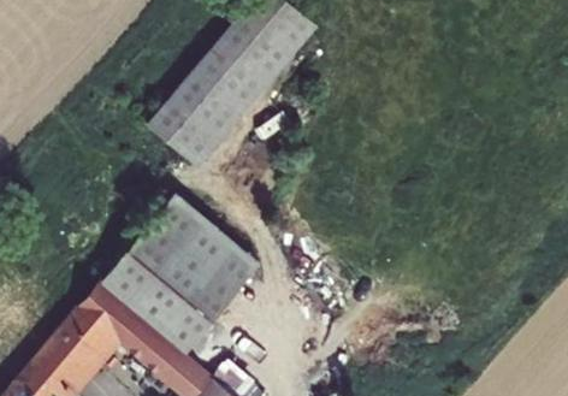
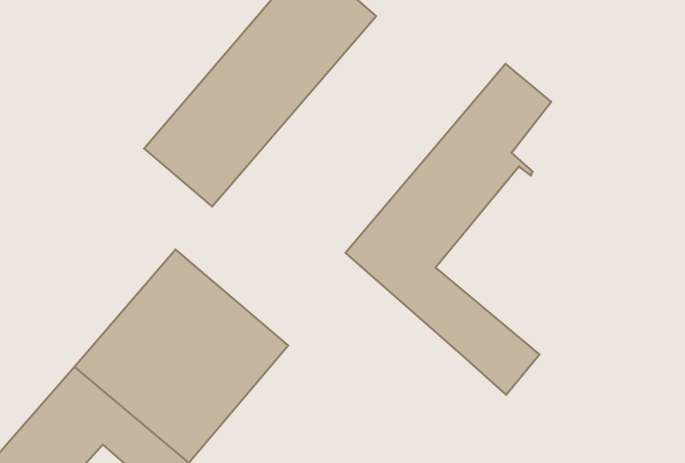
building: none -> [346,64,551,395]

